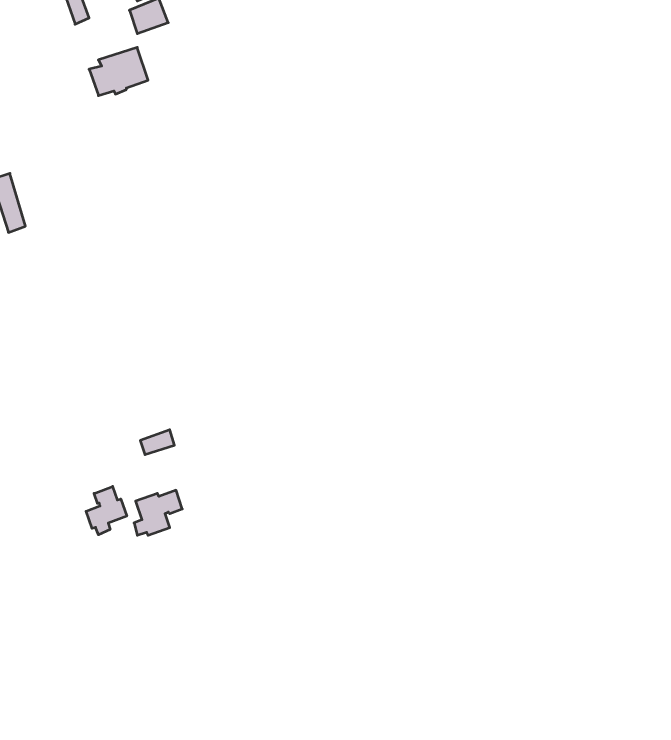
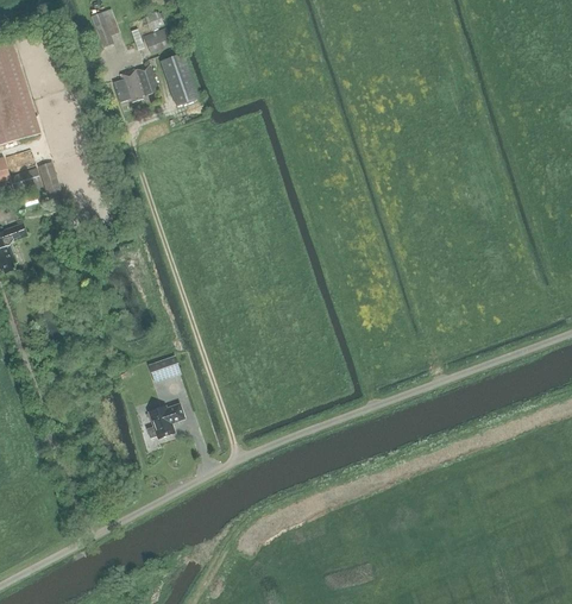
building: none -> [159,52,197,106]
building: [86,486,127,535] -> none

